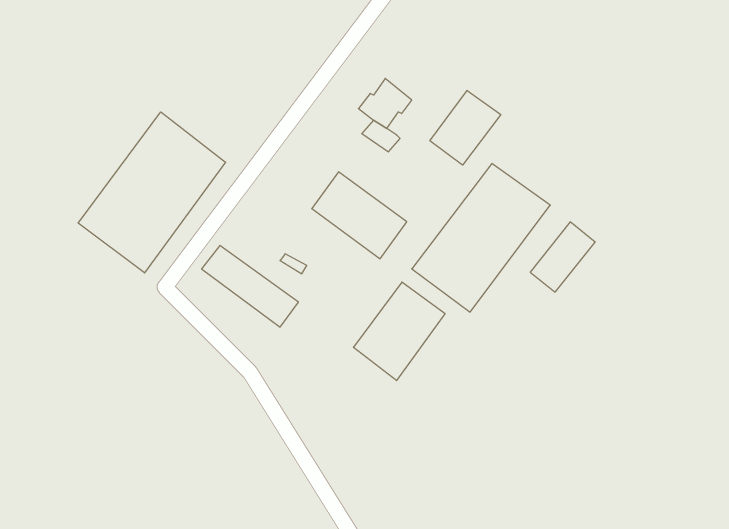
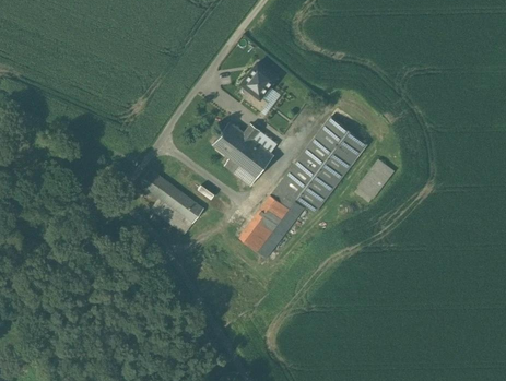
building: [430,90,501,165] -> none
building: [78,112,226,273] -> none

